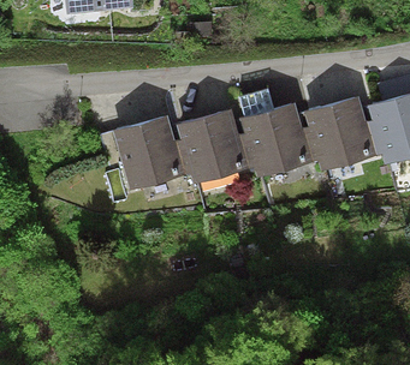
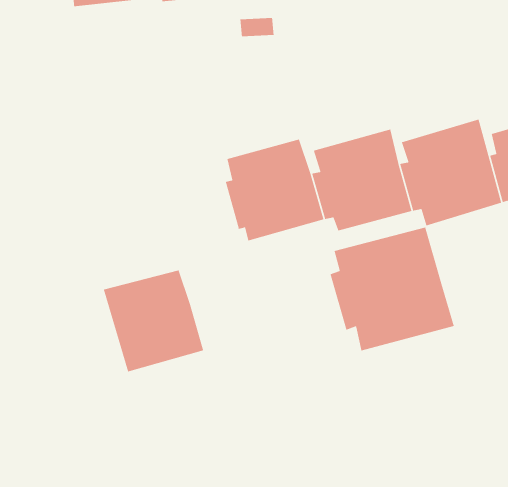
building: [112,115,185,190] -> [103,269,204,372]
building: none -> [329,226,455,351]

